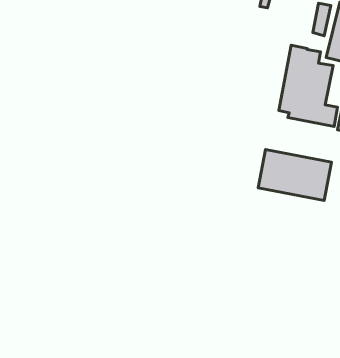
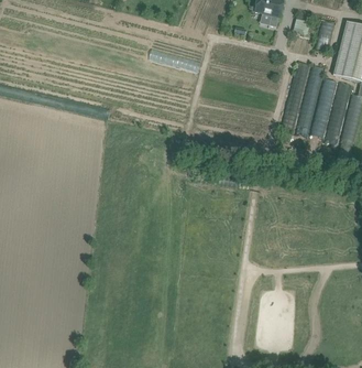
building: [258,150,331,200] -> none

